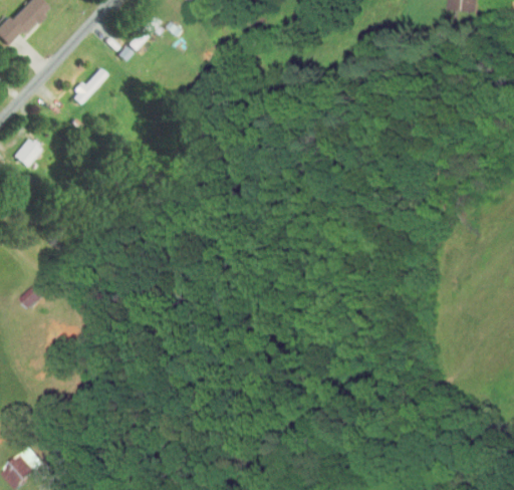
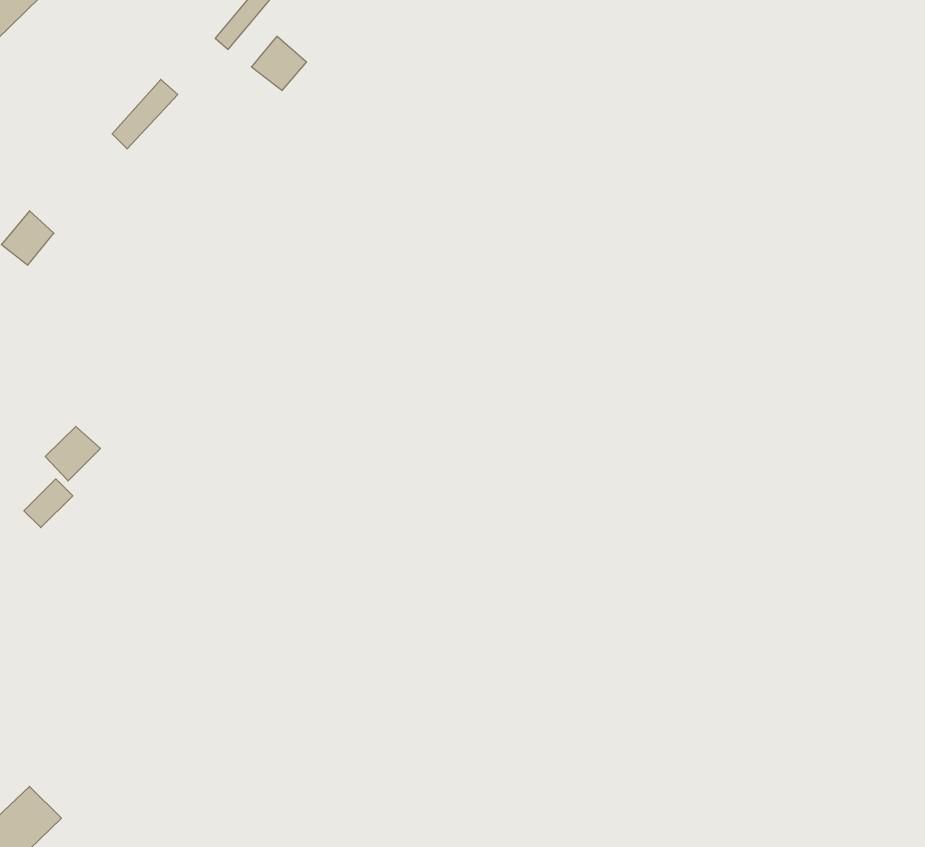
building: none -> [251,36,306,91]
building: none -> [45,426,100,481]

